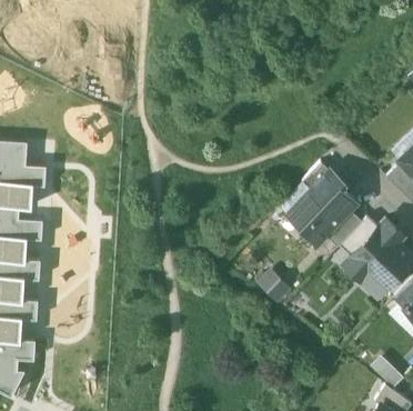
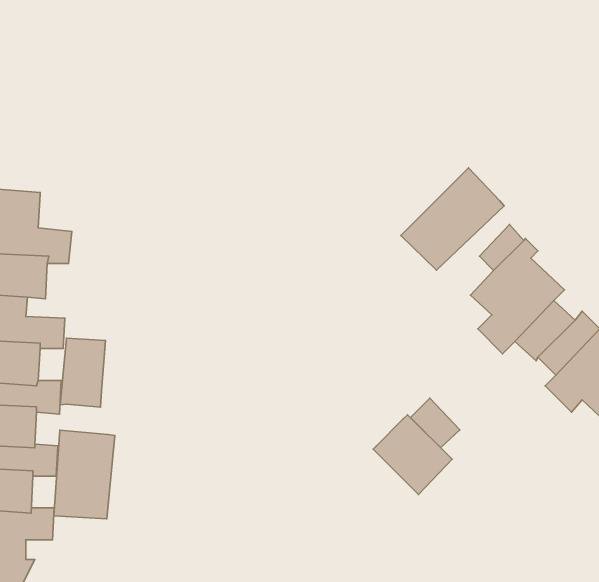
building: none -> [401,168,504,270]
building: none -> [60,338,105,407]
building: none -> [373,415,452,495]
building: none -> [54,430,115,519]

